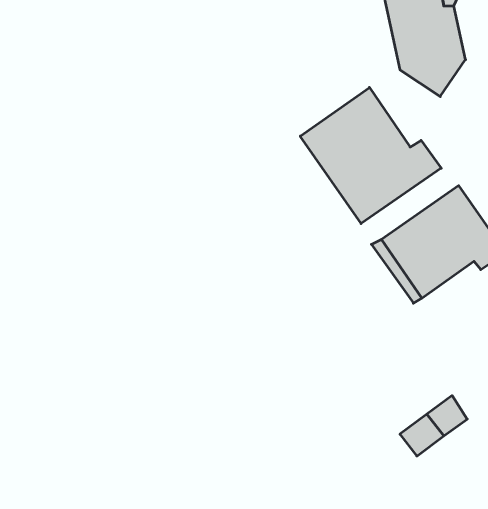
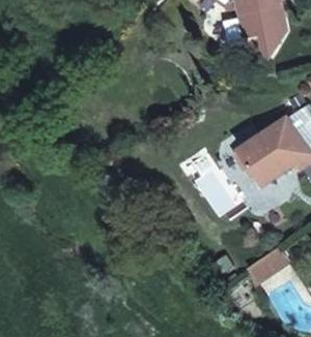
building: [300,87,441,224] -> none

